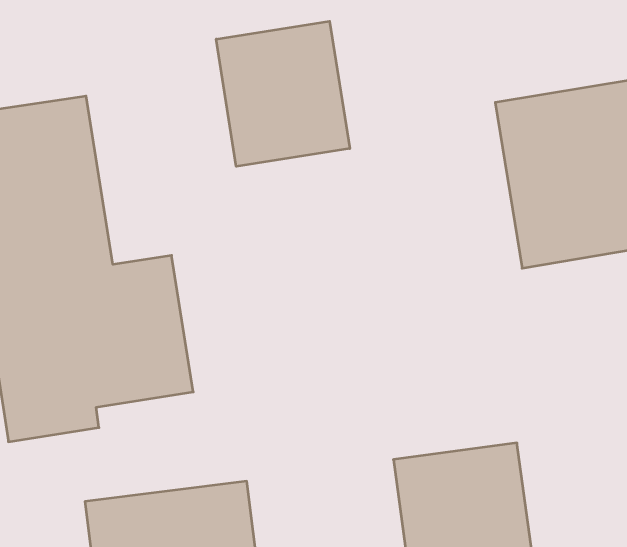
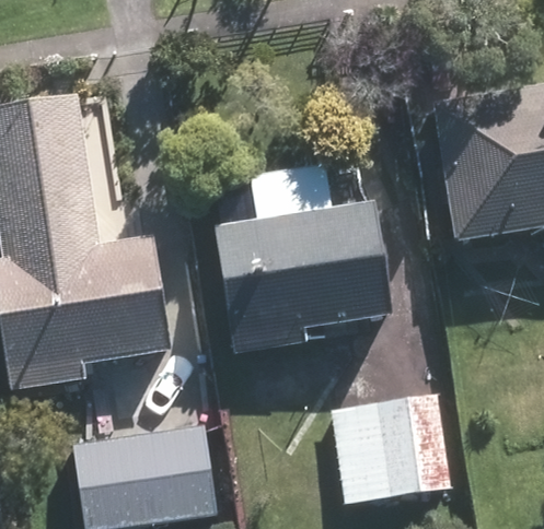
building: [216,21,350,166] -> none
building: none -> [212,204,389,353]

